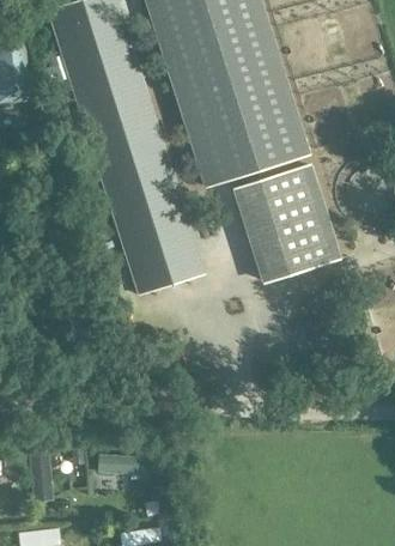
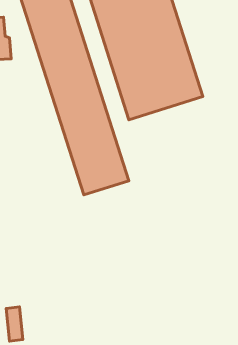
building: [237,166,336,283] -> none
building: [96,457,147,480] -> none

